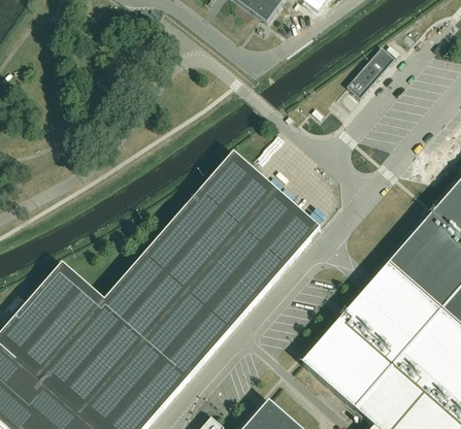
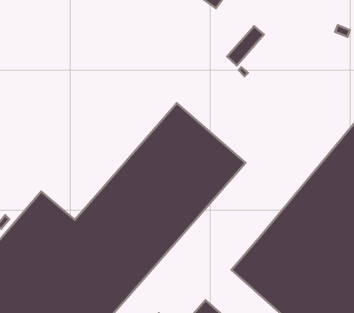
building: [348,46,394,96] -> [227,26,264,66]

